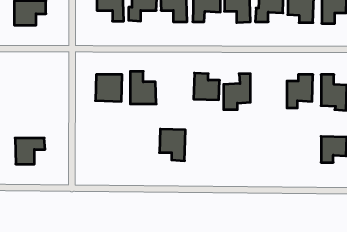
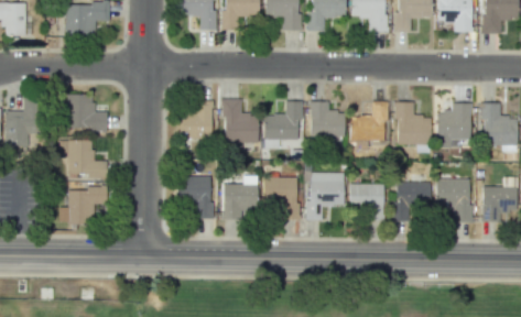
building: none -> [65,94,107,130]
building: none -> [263,101,301,140]
building: none -> [395,101,432,144]
building: none -> [58,139,107,178]
building: none -> [307,172,345,219]
building: none -> [177,175,211,216]
building: none -> [435,178,471,222]
building: none -> [394,181,431,220]
building: none -> [224,183,257,219]
building: none -> [350,183,384,220]

